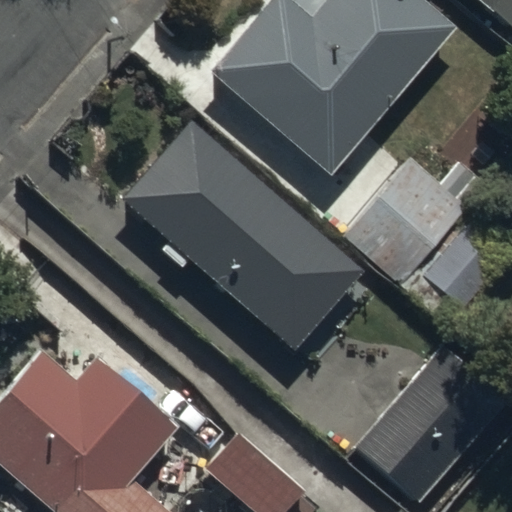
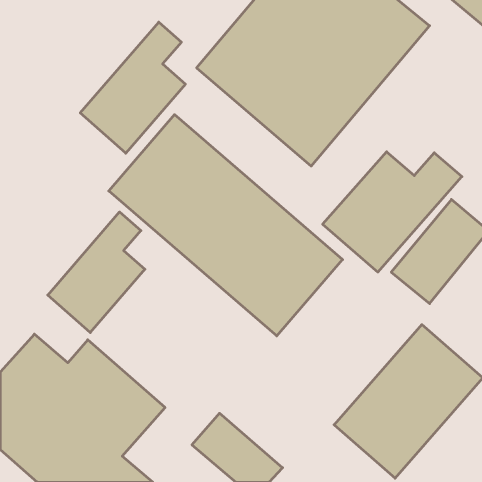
building: none -> [80,22,185,153]
building: none -> [48,212,145,333]

